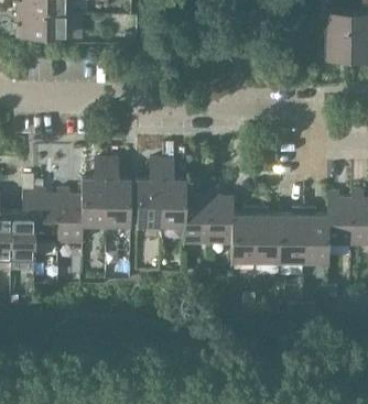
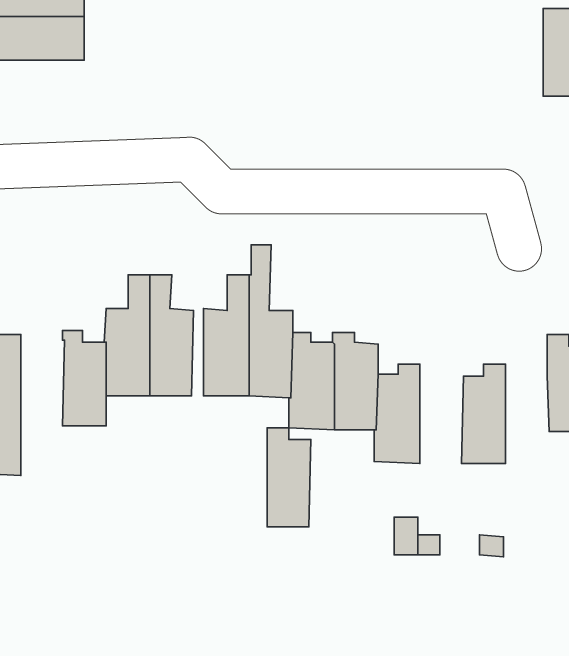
building: [34,188,59,242] -> none
building: [257,208,281,263] -> [267,428,311,527]
building: [304,208,328,263] -> none

